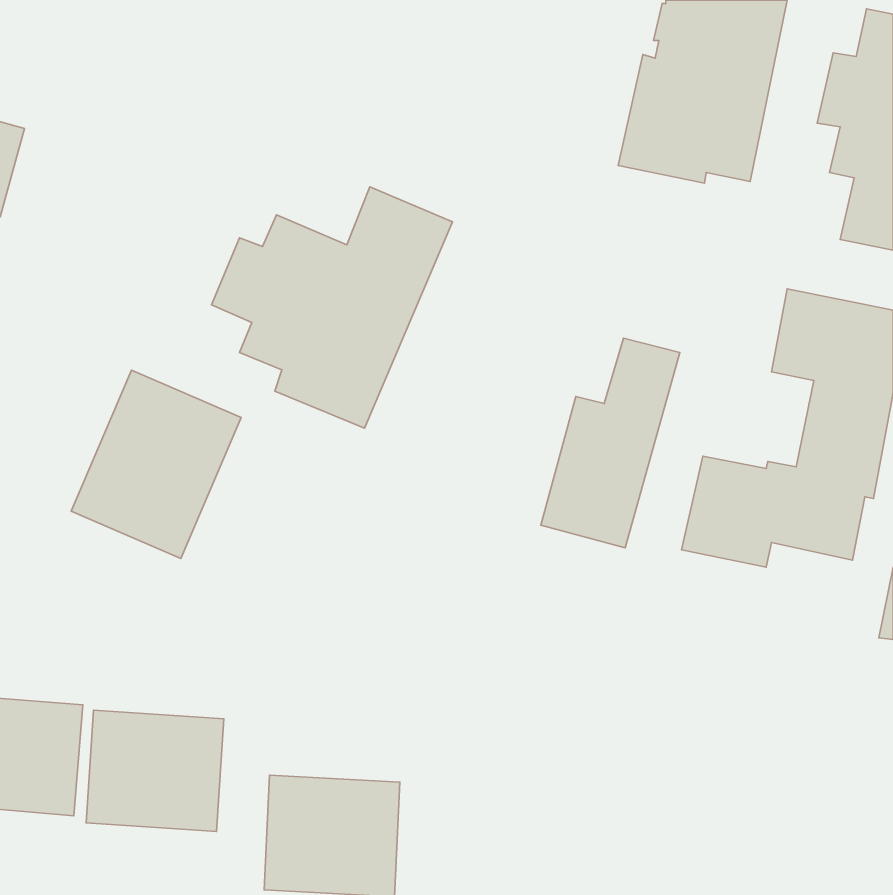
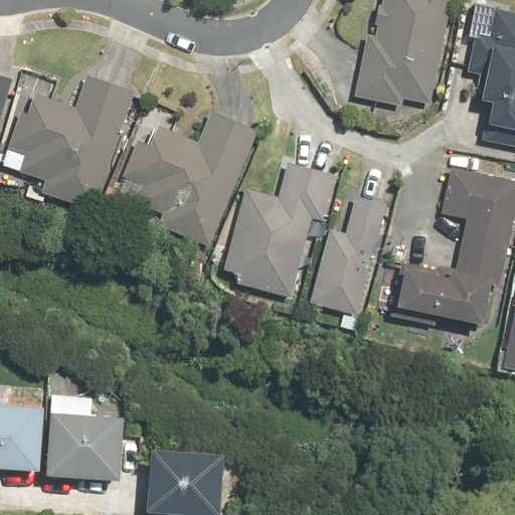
building: none -> [7,74,134,210]
building: none -> [223,162,335,298]
building: [71,370,241,559] -> none

